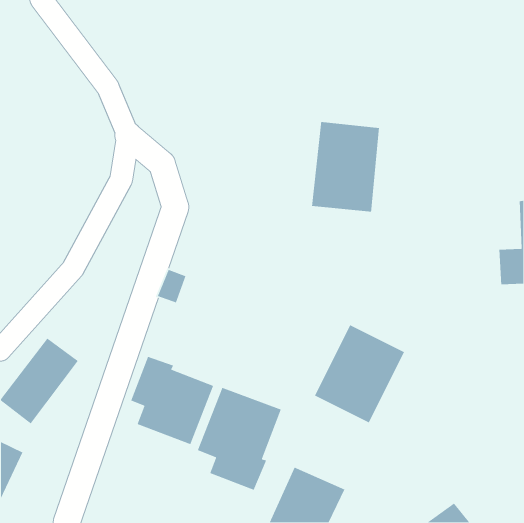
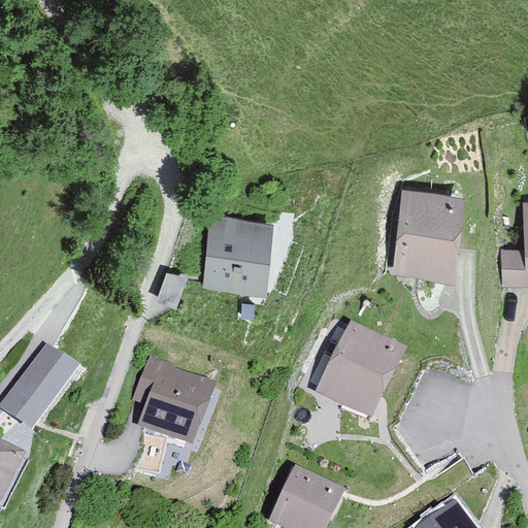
building: [311,121,380,213] -> [394,188,463,279]
building: none -> [203,213,273,292]
building: [197,387,282,491] -> none

